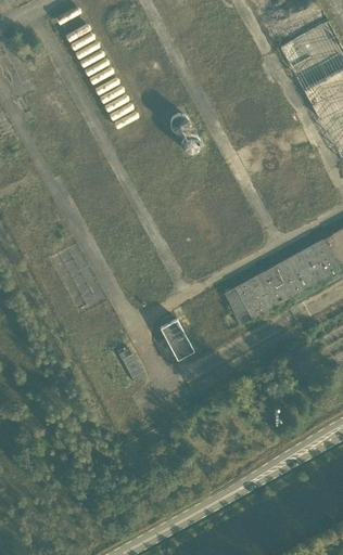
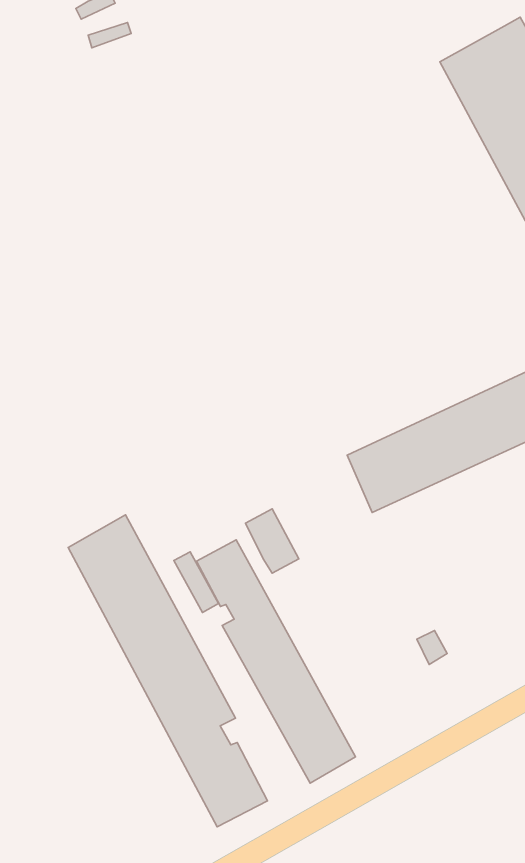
building: none -> [68,515,267,827]
building: none -> [196,540,355,783]

